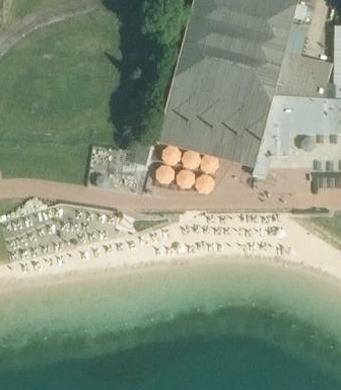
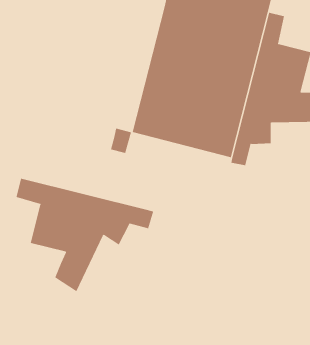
building: none -> [16,178,154,292]

